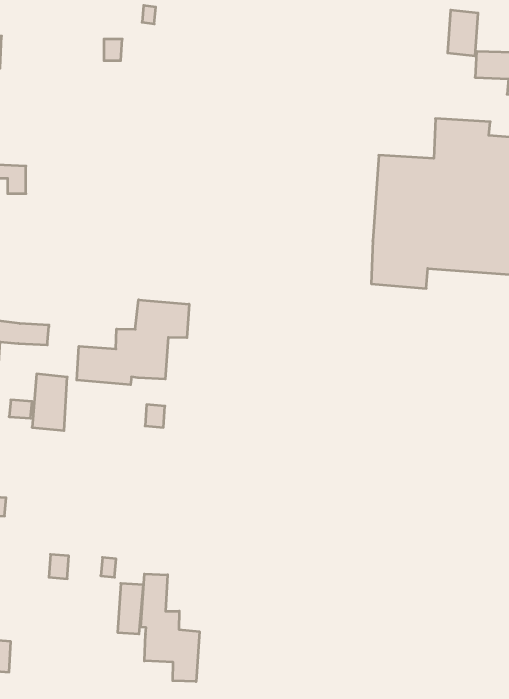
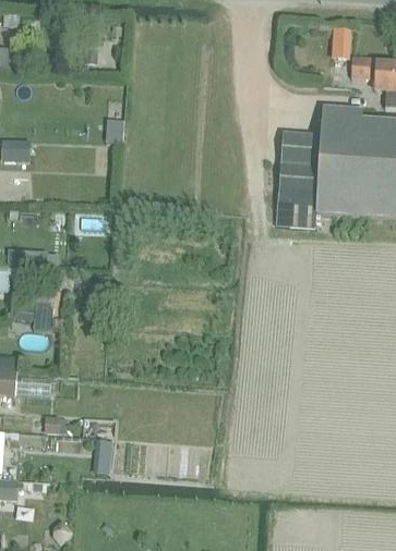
building: [77,300,189,385] -> none
building: [141,574,199,682] -> none

